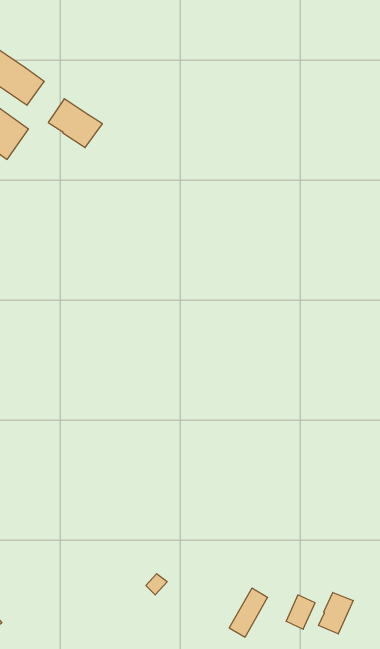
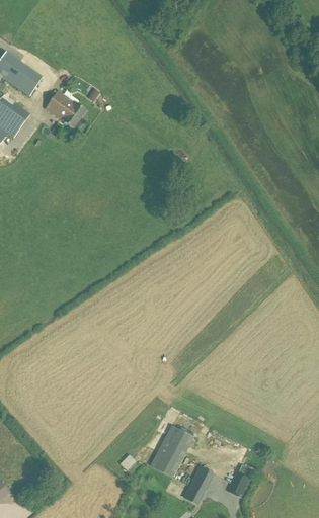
building: none -> [150,424,194,476]
building: [319,592,353,634] -> none

